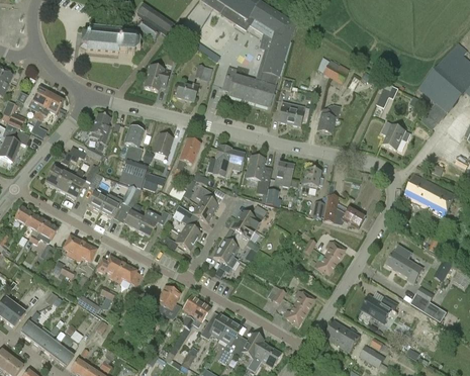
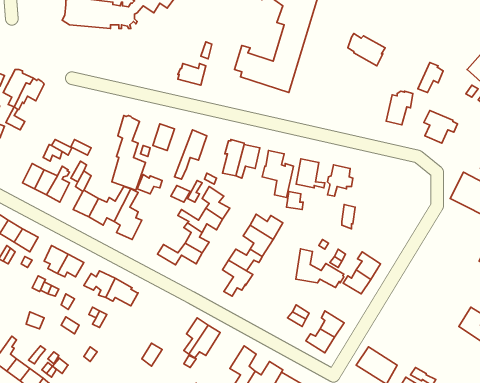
building: [144,65,169,90] -> none
building: [278,101,304,125] -> none
building: [317,104,340,132] -> [386,91,413,125]
building: [89,112,110,143] -> none
building: [323,194,364,226] -> [296,249,344,288]
building: [136,209,169,237] -> none
building: [385,244,422,282] -> none
building: [156,284,181,318] -> none
building: [359,293,397,321] -> none
building: [200,312,230,338] -> none

